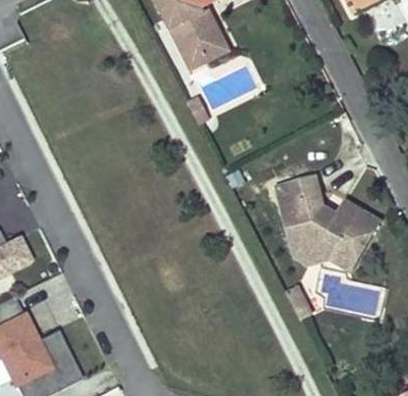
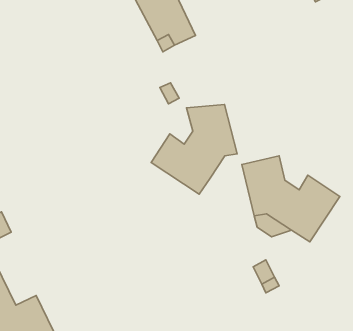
building: none -> [151,104,237,194]

